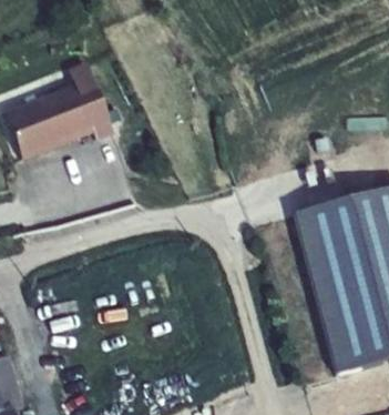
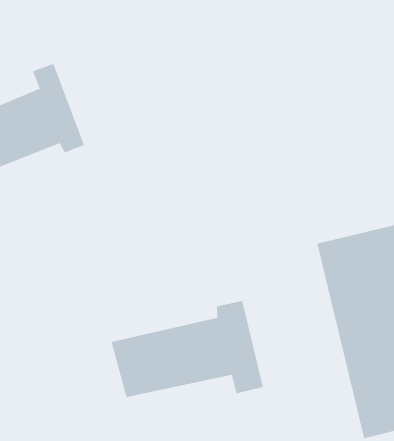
building: none -> [111,300,264,398]

